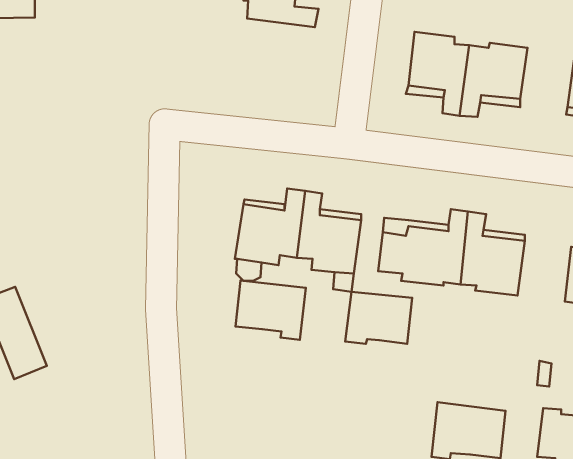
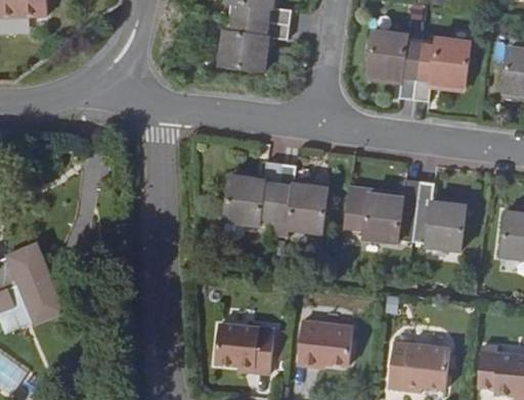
building: none -> [222,18,290,71]
building: [235,280,306,340] -> [216,323,275,373]
building: [345,292,412,344] -> [297,322,353,366]

